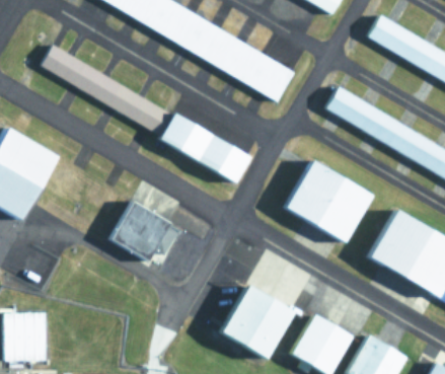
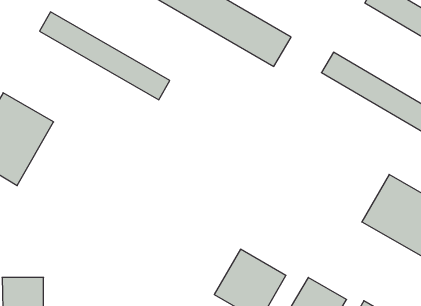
building: [159,113,253,185] -> none
building: [284,161,370,242] -> none
building: [112,202,181,261] -> none

